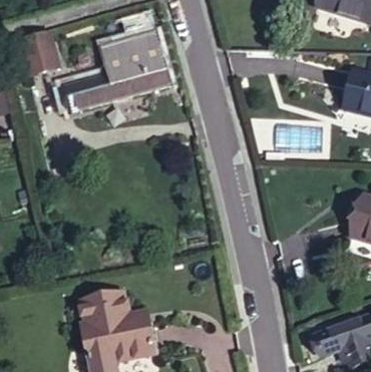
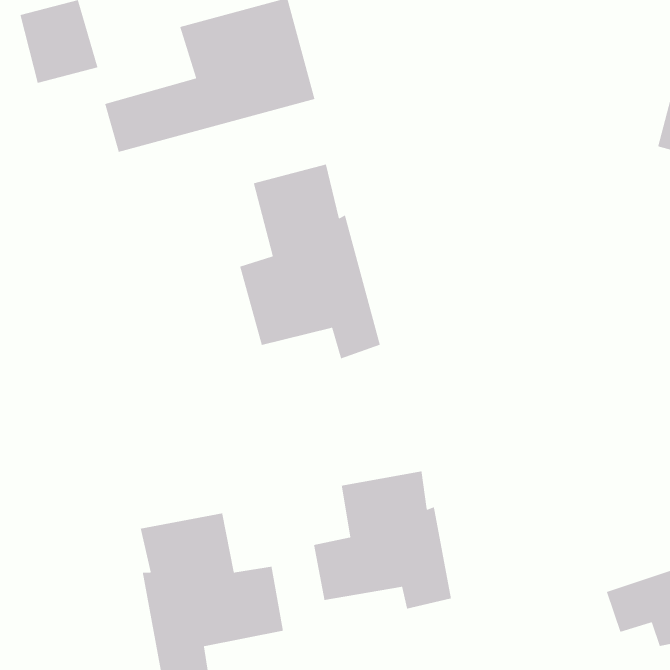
building: none -> [239,163,381,360]
building: none -> [313,470,452,610]

